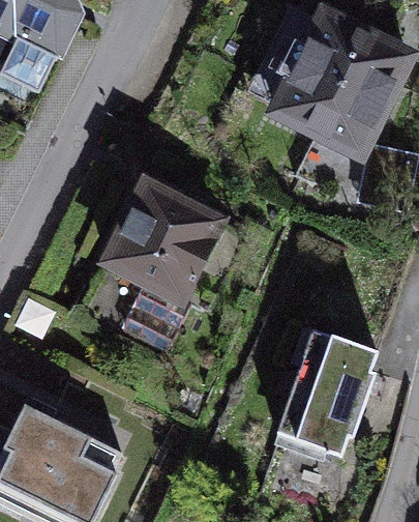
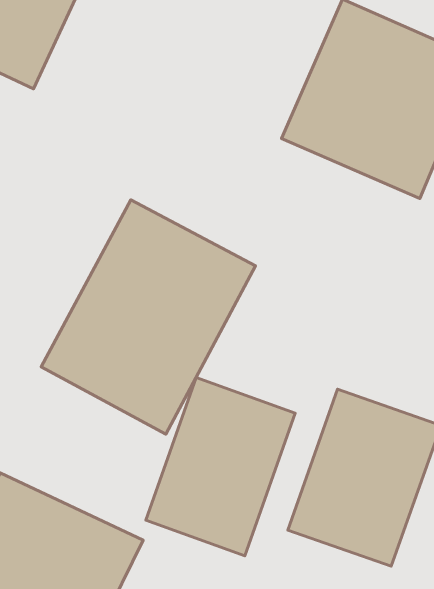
building: none -> [146,378,295,556]

